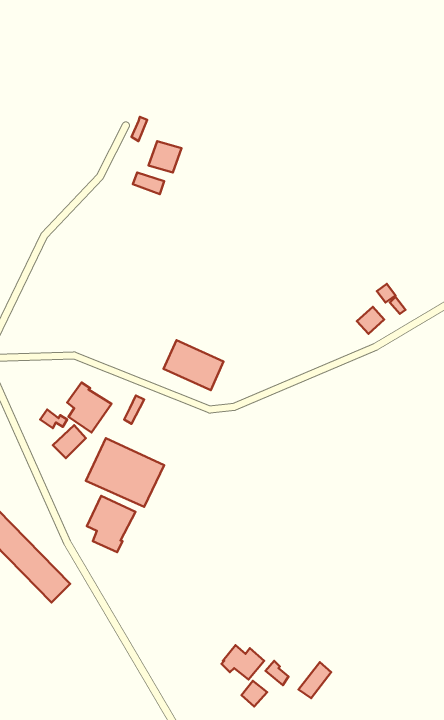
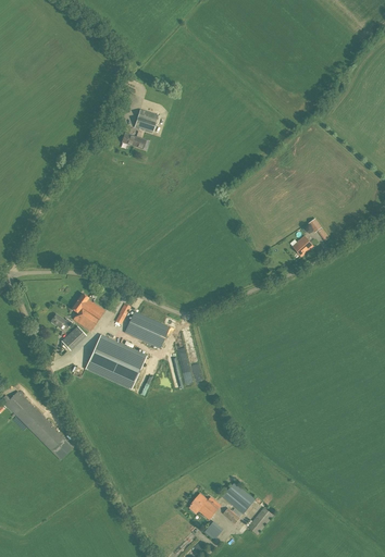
building: [164,340,224,390] -> [123,310,169,348]
building: [87,496,135,552] -> none
building: none -> [222,482,253,513]

